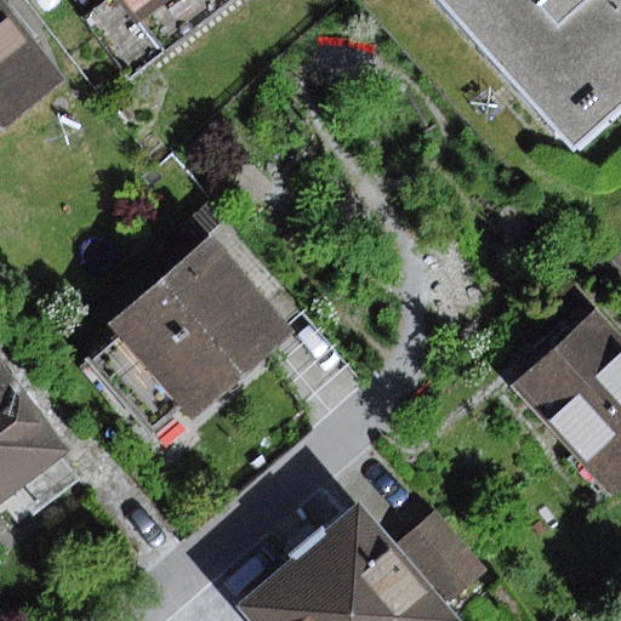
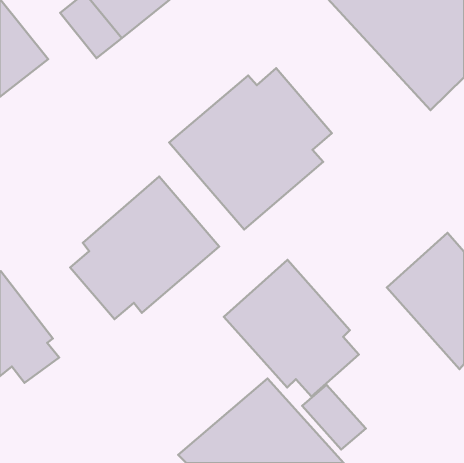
building: none -> [169,68,332,230]
building: none -> [224,260,359,397]

